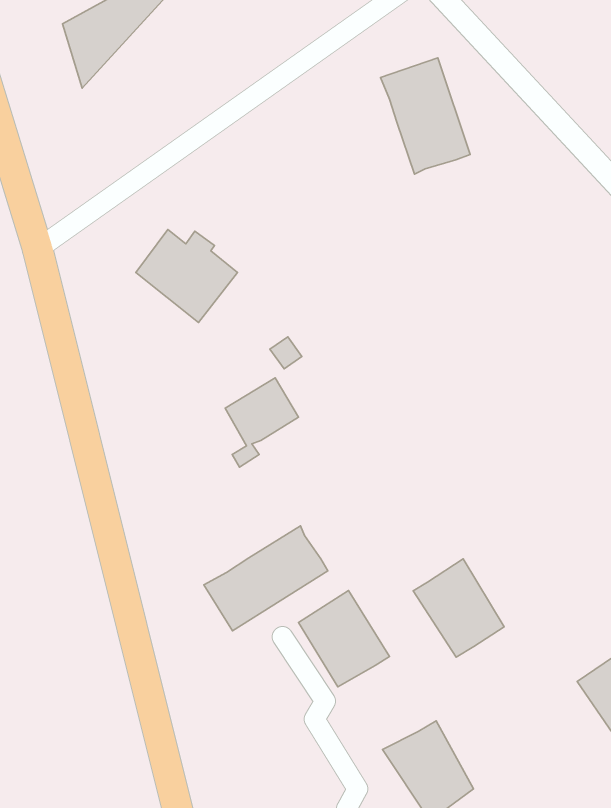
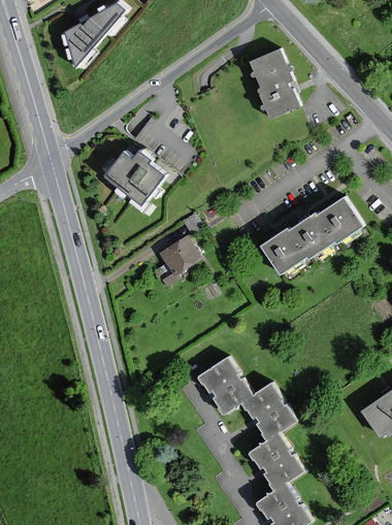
building: none -> [258,194,361,276]
building: [204,526,328,631] -> none
building: [413,559,504,657] -> [244,383,297,439]

